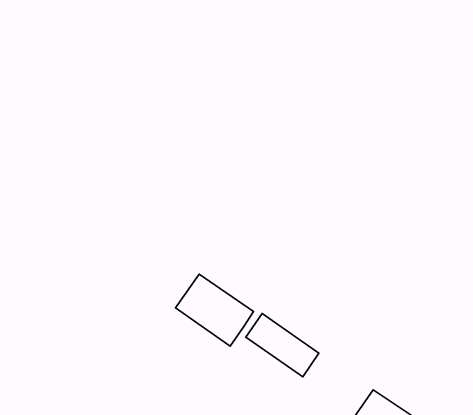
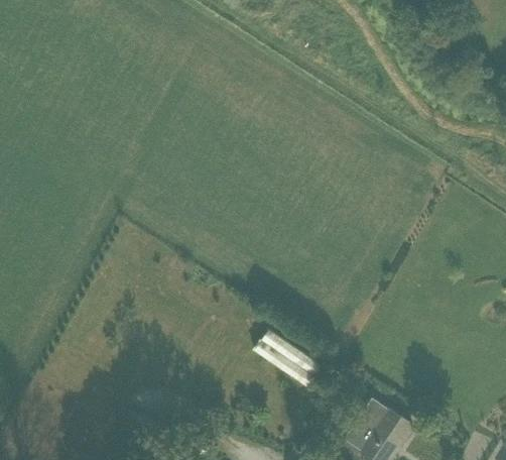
building: [175,274,253,346] -> none

